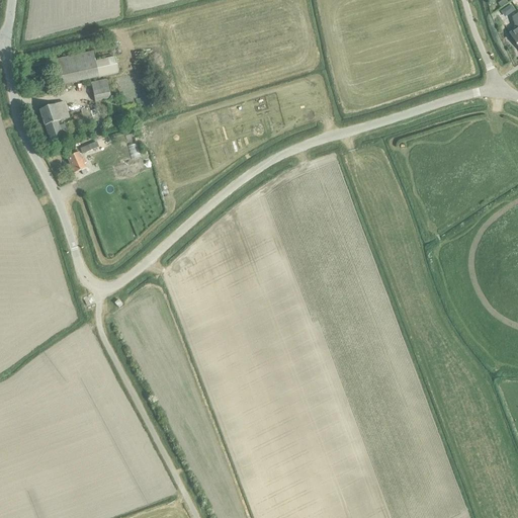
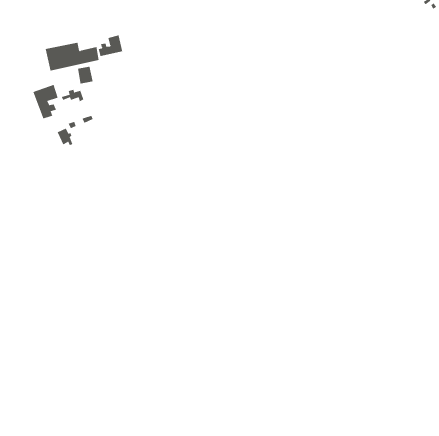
building: none -> [98,35,123,57]

